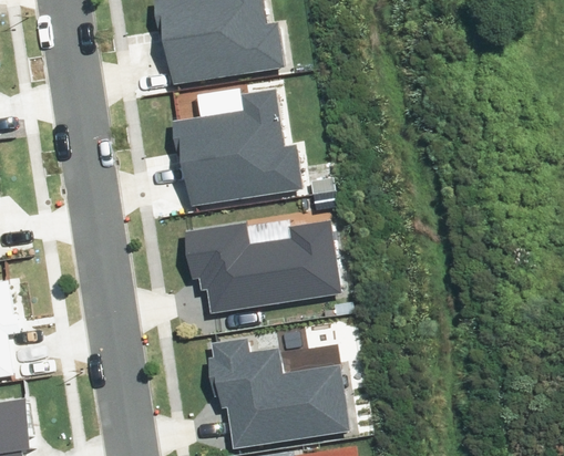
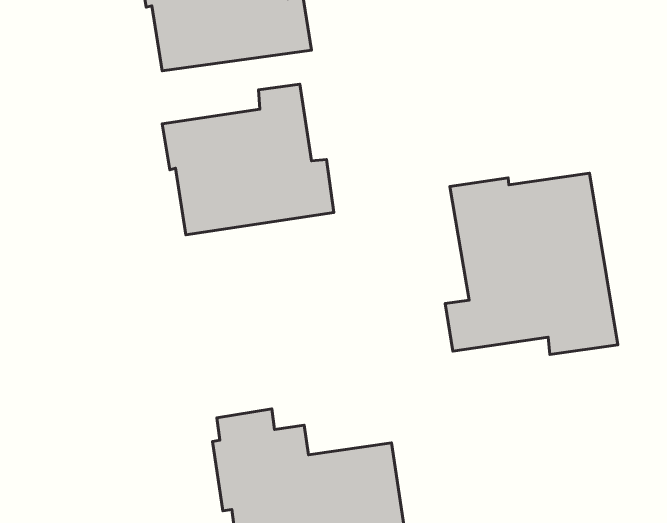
building: none -> [445,173,618,354]
building: [184,222,336,313] -> none

